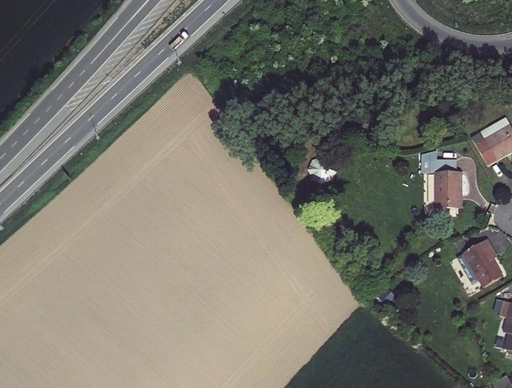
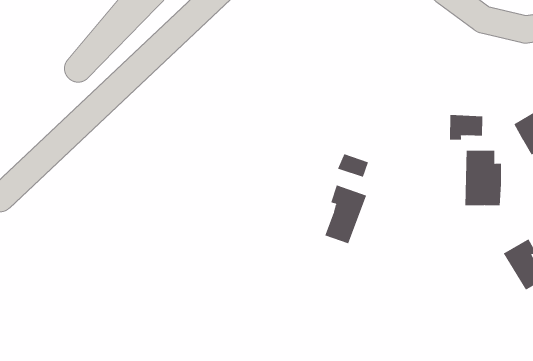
building: none -> [449,114,483,141]
building: none -> [324,184,367,244]

